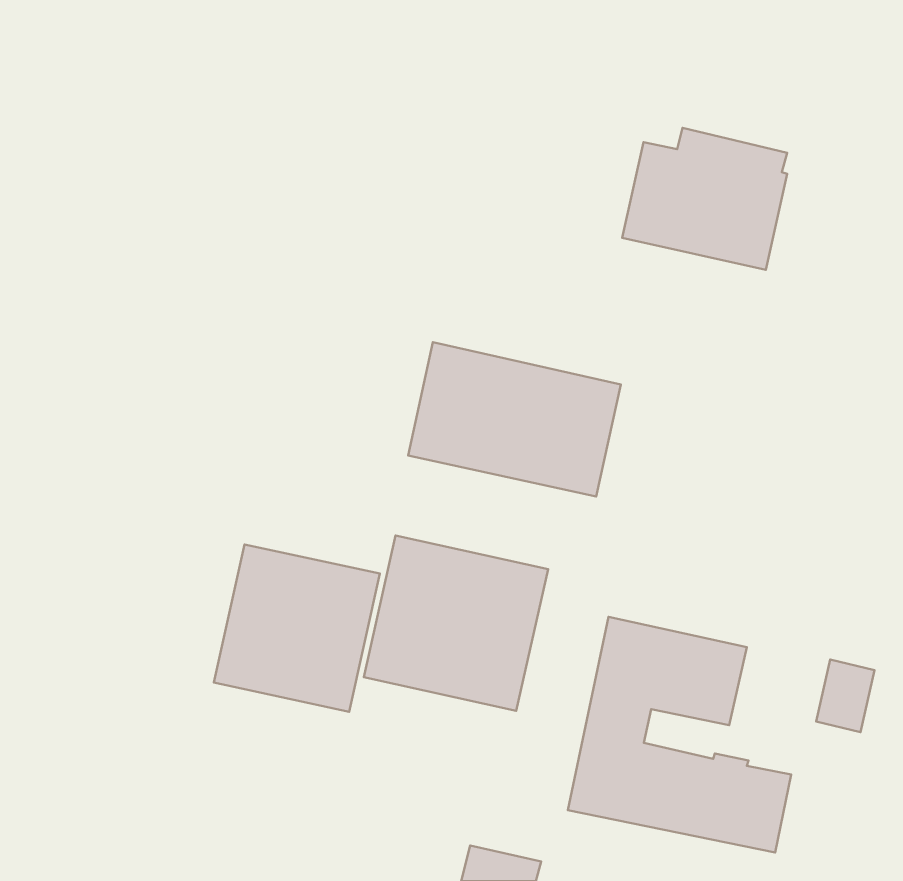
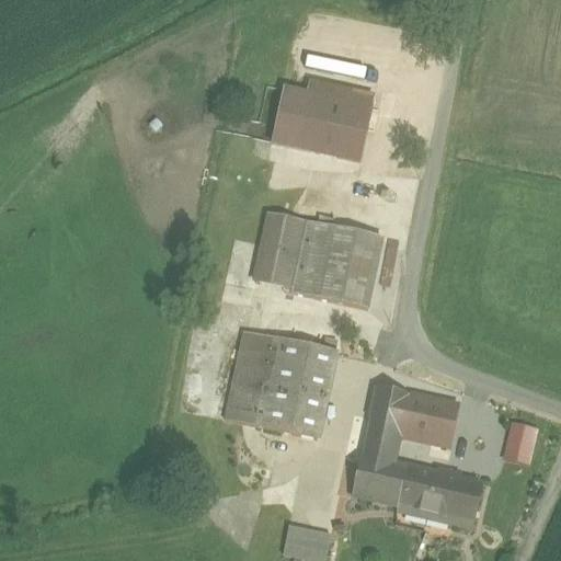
building: [622,128,787,270] -> [272,76,374,163]
building: [214,544,380,712] -> none

